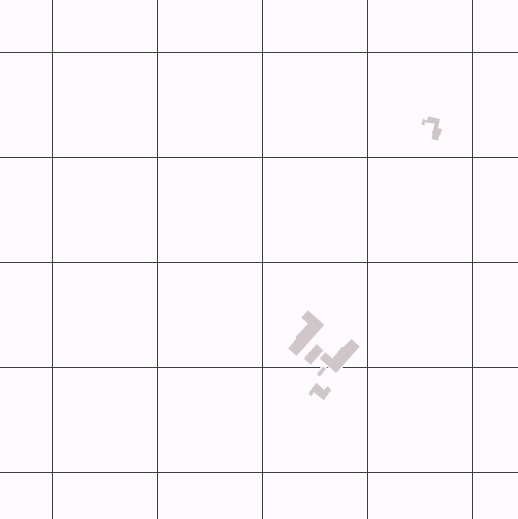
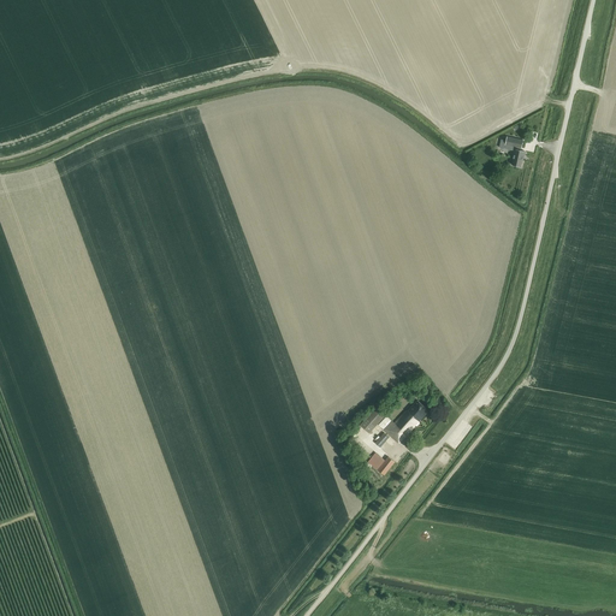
building: [287,309,325,357] -> none

